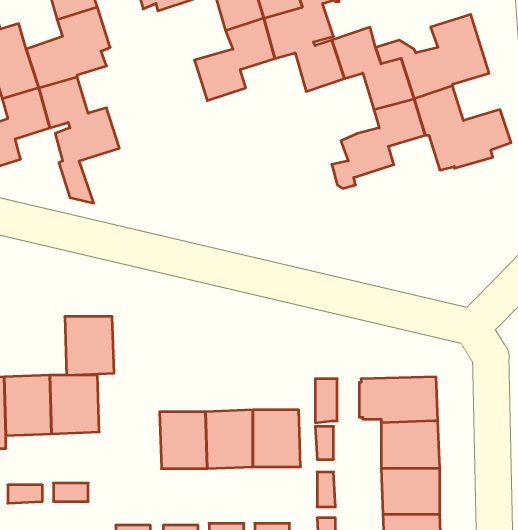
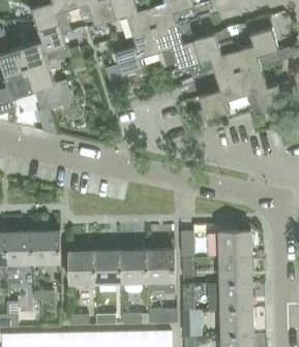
building: [65,317,114,375] -> [67,251,95,284]

